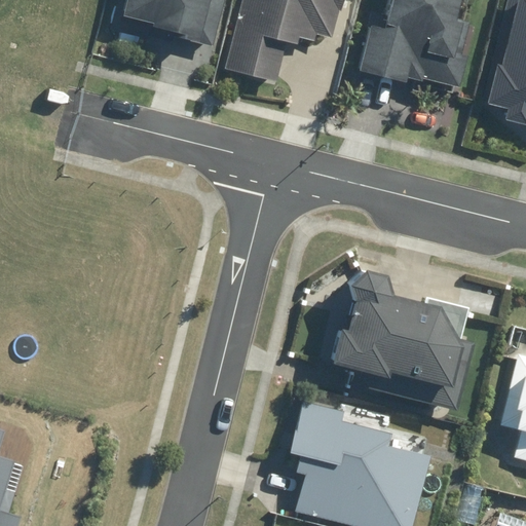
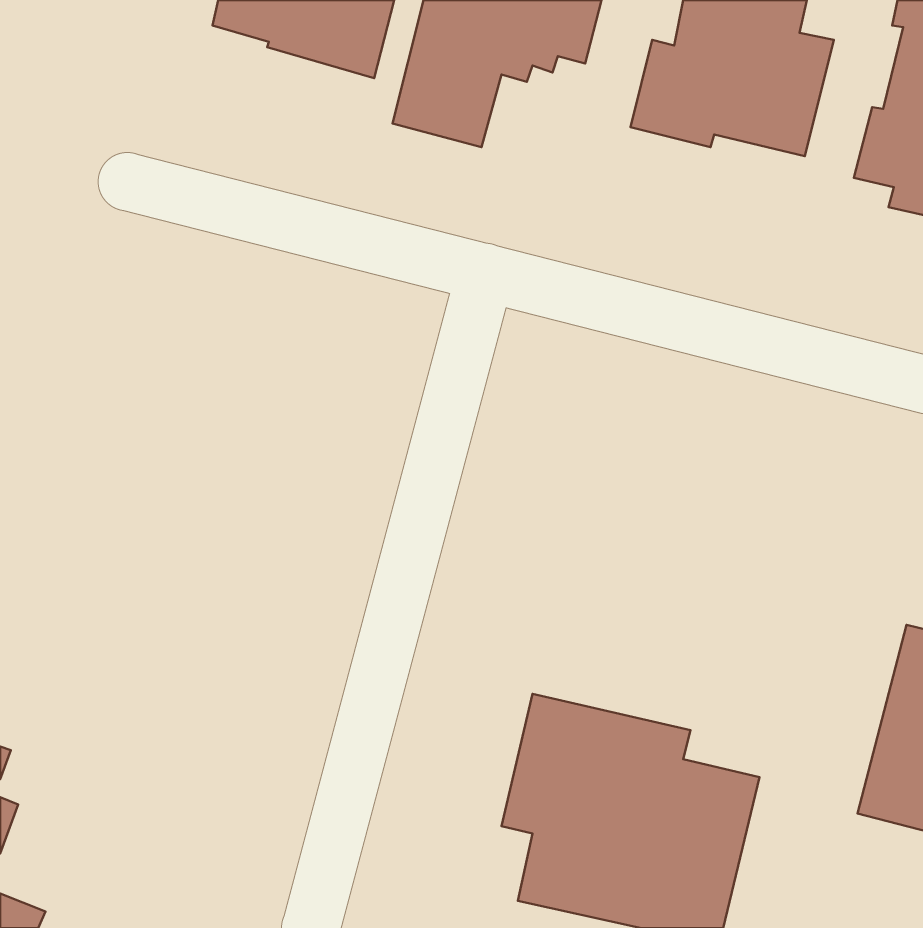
building: [331,283,477,405] -> none

